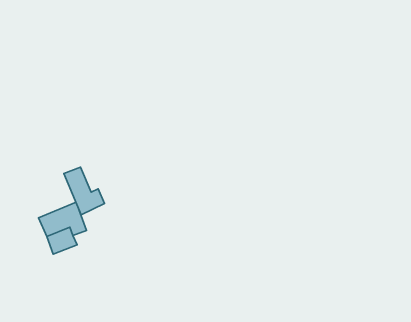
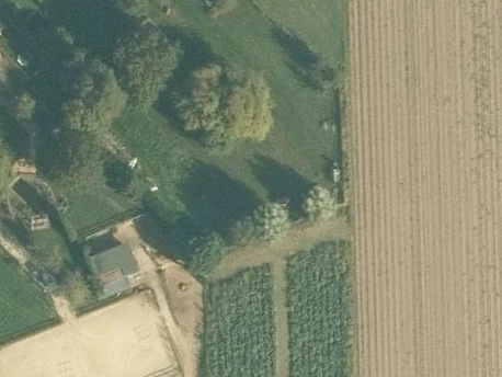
building: [64,167,105,215] -> none

